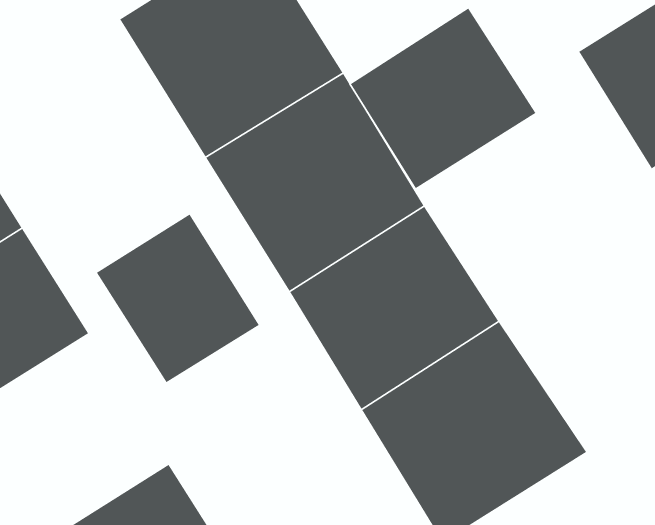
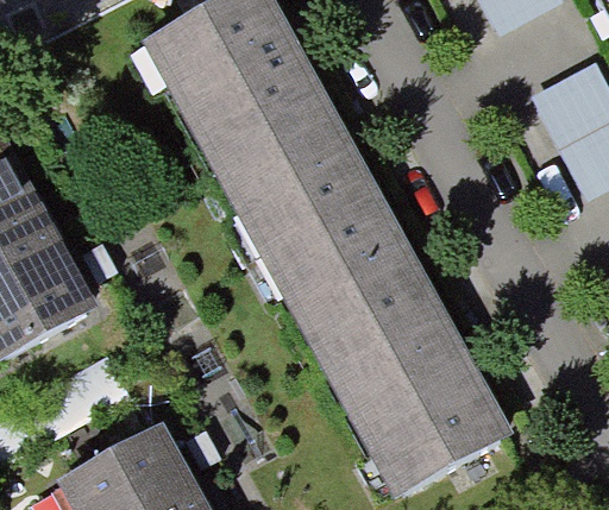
building: [350,8,537,189] -> none
building: [96,213,260,383] -> none

